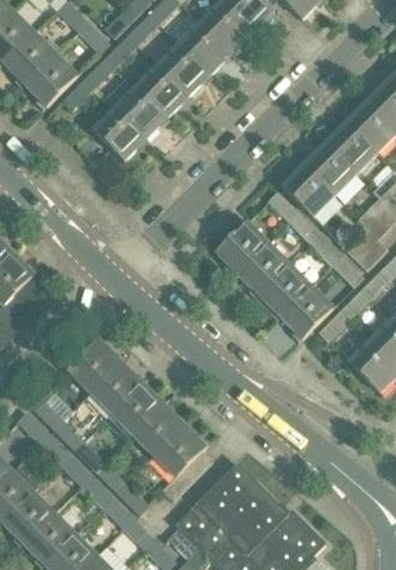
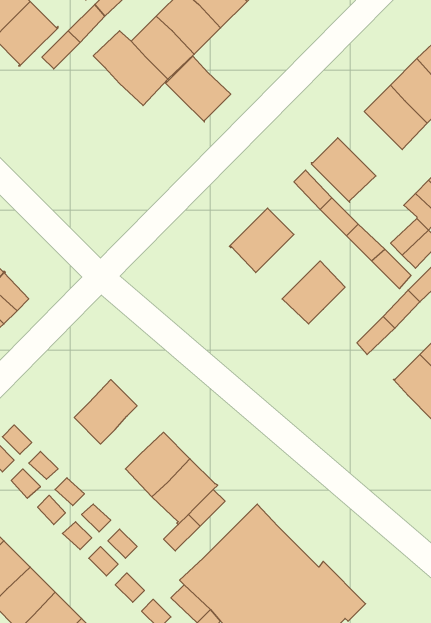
building: [92,107,145,161] -> [165,56,231,122]
building: [303,143,356,195] -> none
building: [237,243,289,295] -> none
building: [279,286,332,338] -> none
building: [68,339,119,392] -> none
building: [111,382,162,433] -> none

